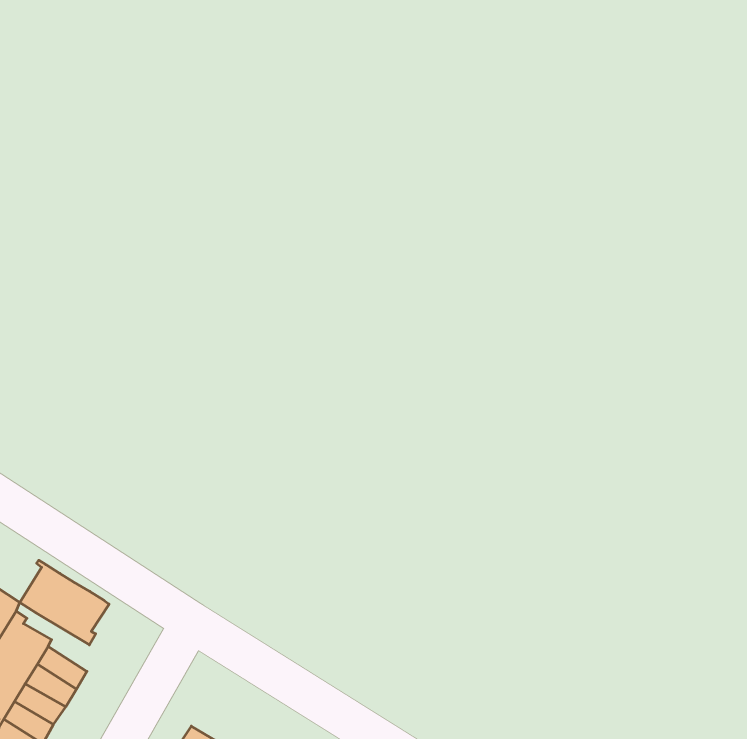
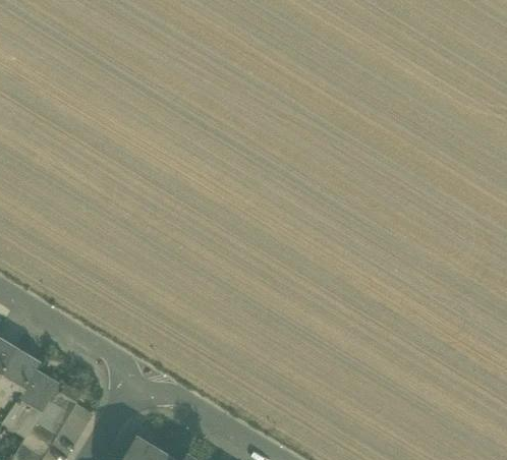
building: [20,560,109,645] -> none

